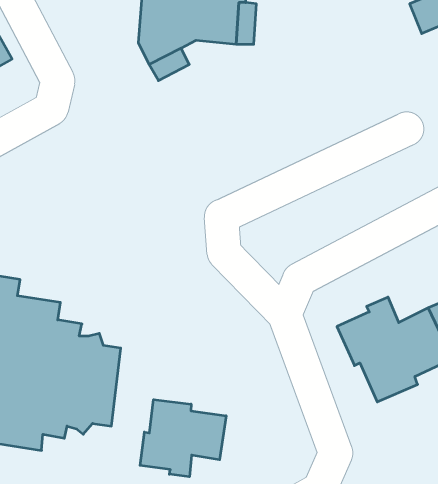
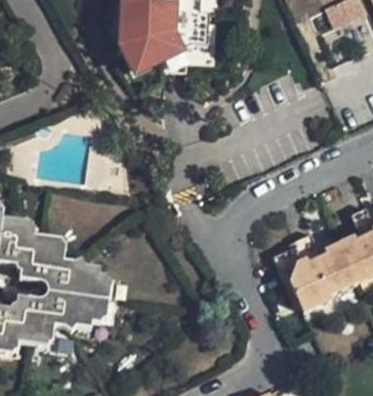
building: [140,400,226,477] -> none

